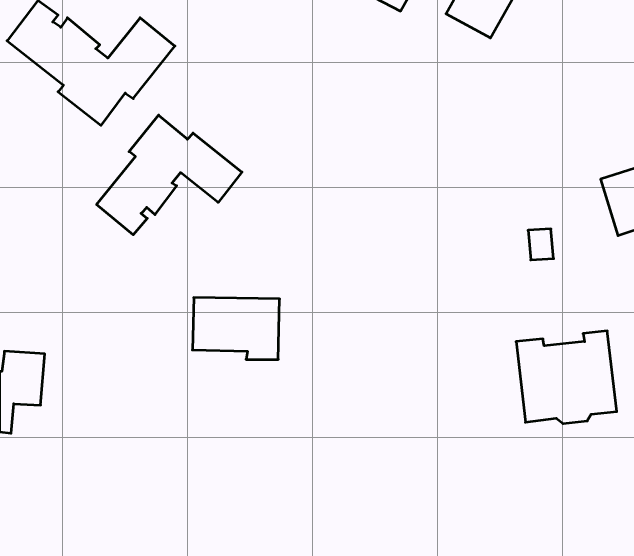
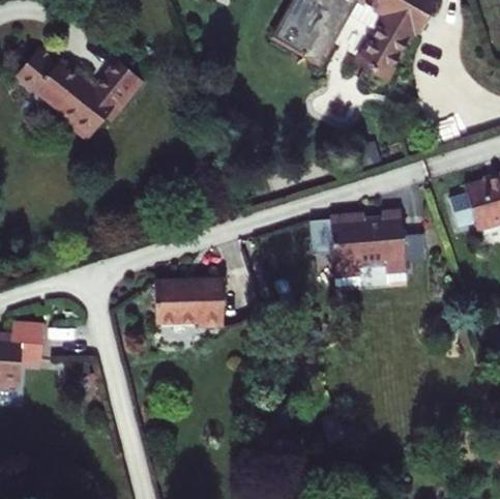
building: [97,115,242,235] -> none
building: [516,331,617,424] -> [331,214,409,286]

